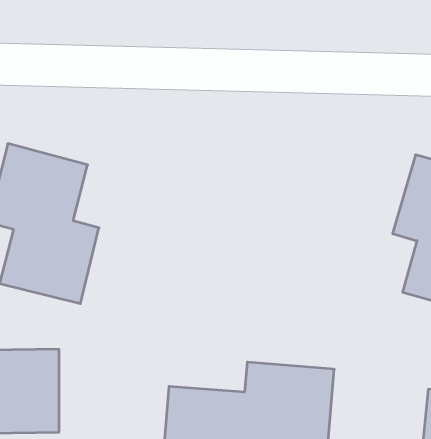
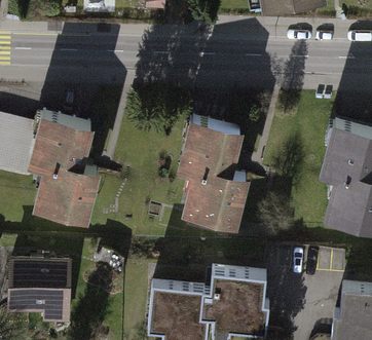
building: none -> [172,112,250,226]

